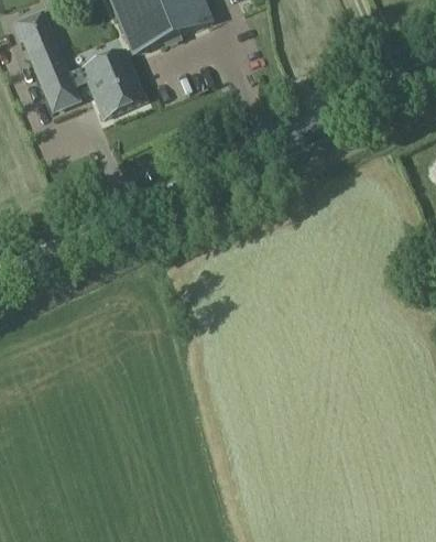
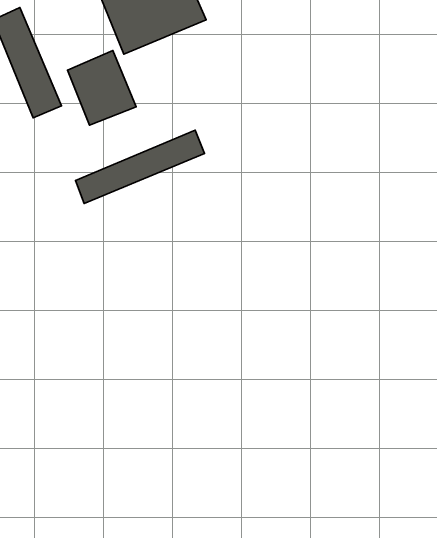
building: none -> [76,130,205,203]

